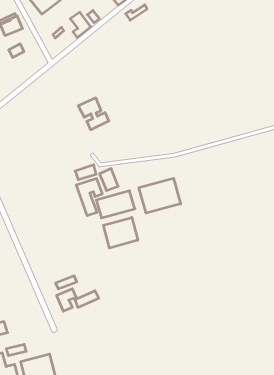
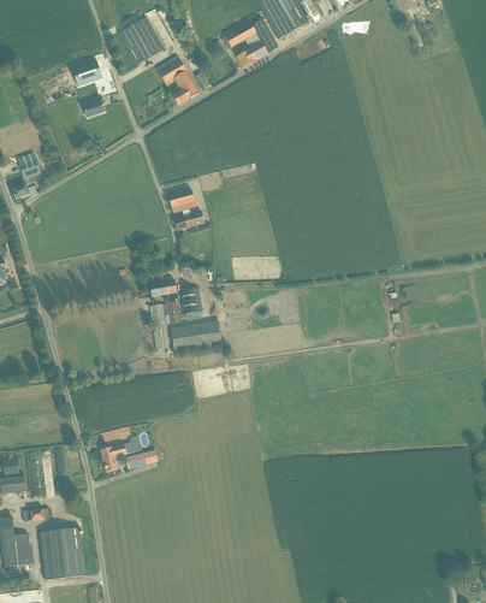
building: [139,178,181,213] -> none
building: [103,217,138,248] -> none

